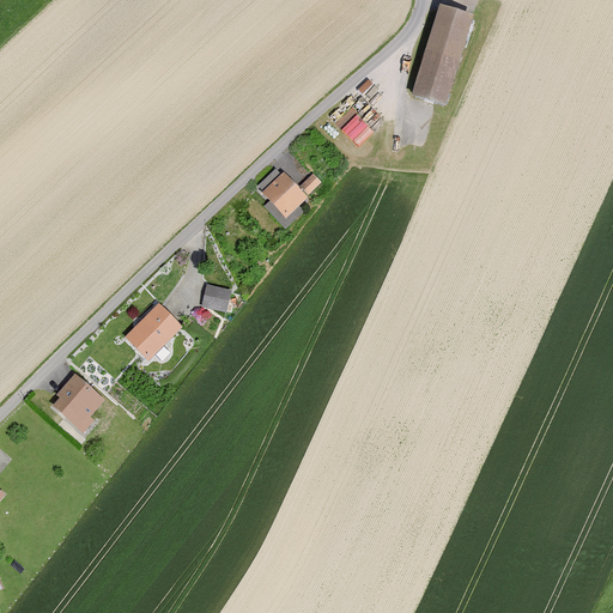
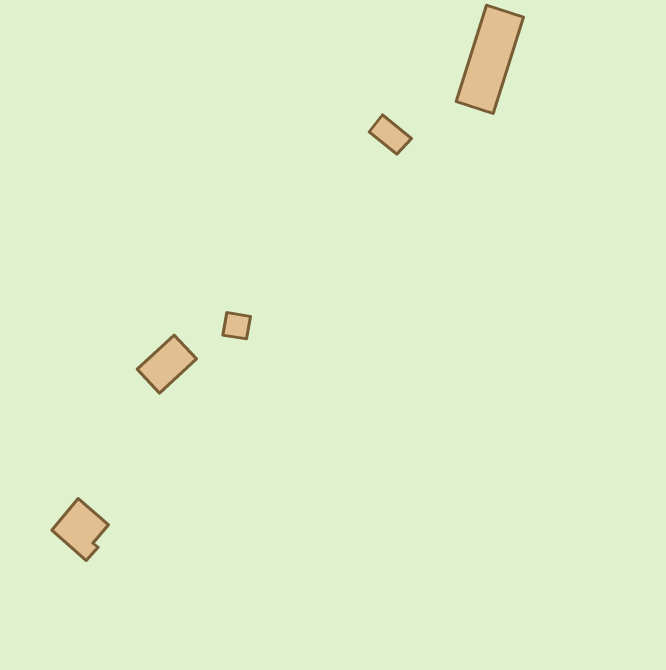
building: [261,170,317,217] -> none
building: [49,375,101,431] -> [52,498,109,560]

